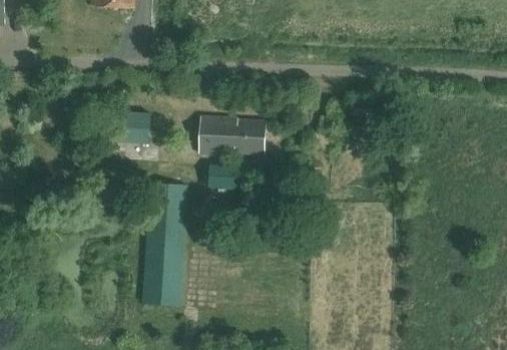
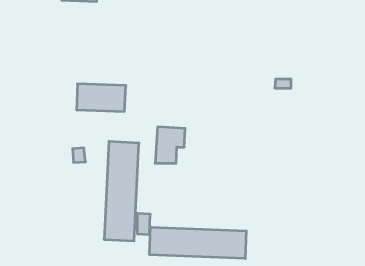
building: [199,115,266,154] -> none
building: none -> [150,227,246,259]

